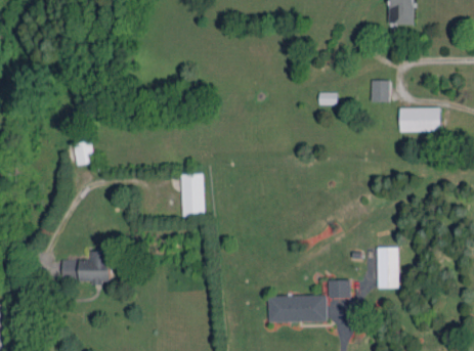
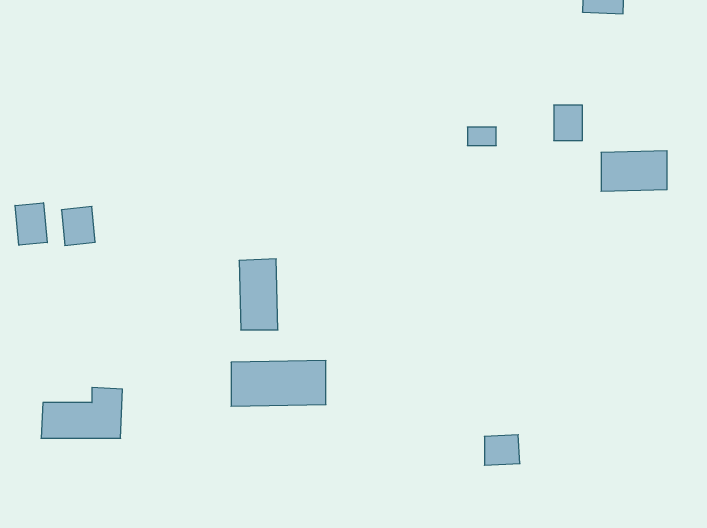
building: none -> [15,203,47,245]
building: [377,247,398,288] -> none
building: [268,295,326,322] -> [231,361,326,406]

